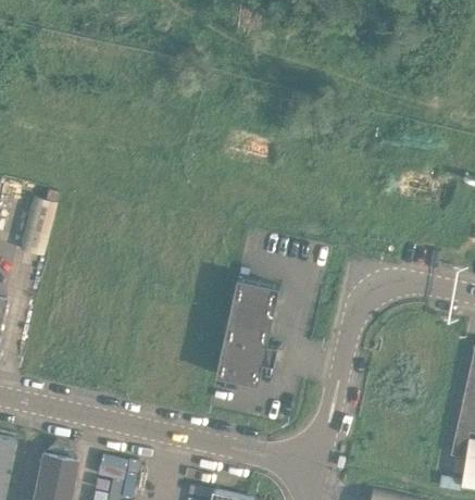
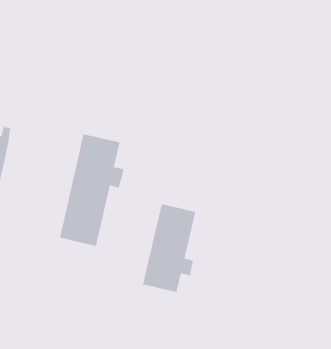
building: none -> [59,133,125,247]

